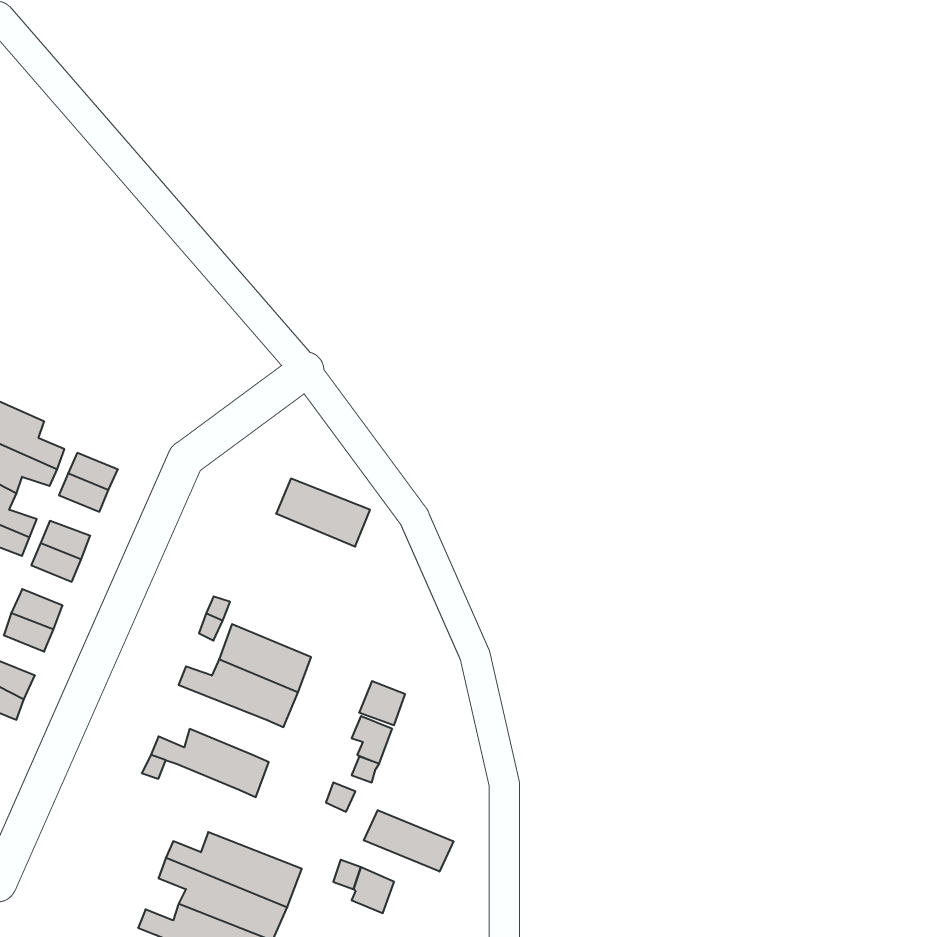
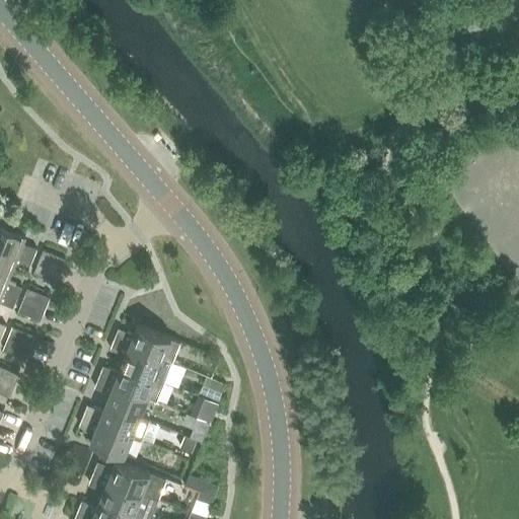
building: [276,479,370,547] -> [128,326,179,364]
building: none -> [94,379,147,418]
building: none -> [89,423,132,457]
building: [364,810,454,872] -> none

